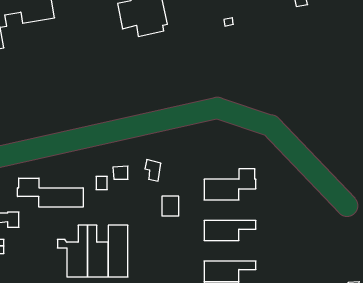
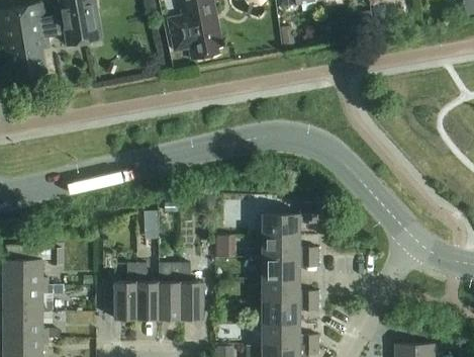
building: [18,178,83,207] -> none
building: none -> [262,236,317,258]
building: none -> [180,263,202,320]
building: none -> [262,279,317,301]

